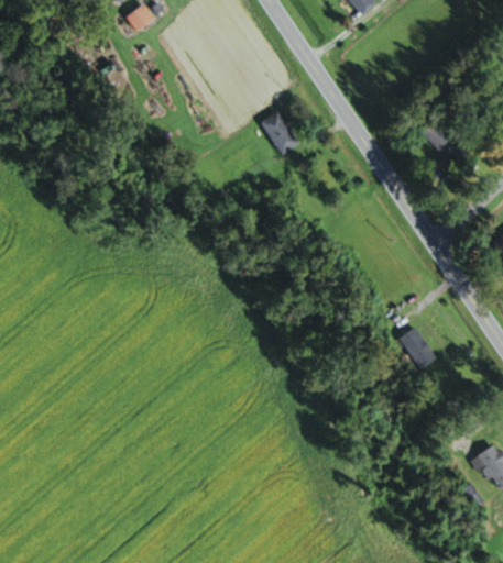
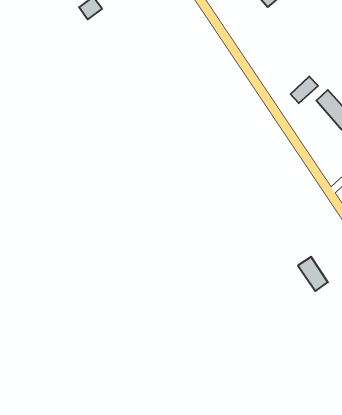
building: none -> [291,76,318,103]
building: [261,110,299,154] -> none

